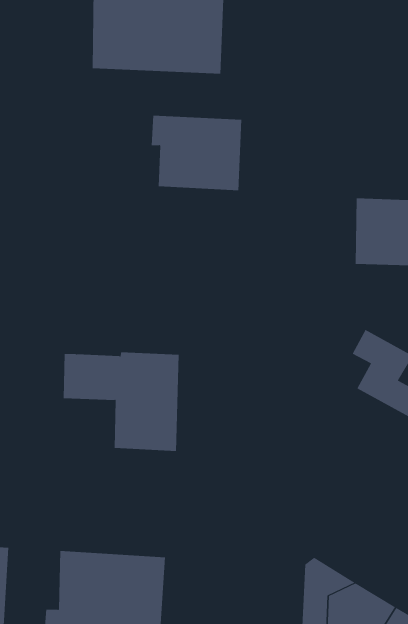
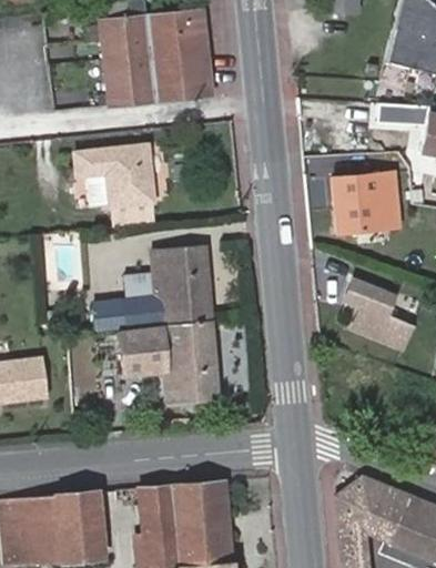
building: [151,115,242,191] -> [77,145,153,207]
building: none -> [93,246,212,335]

